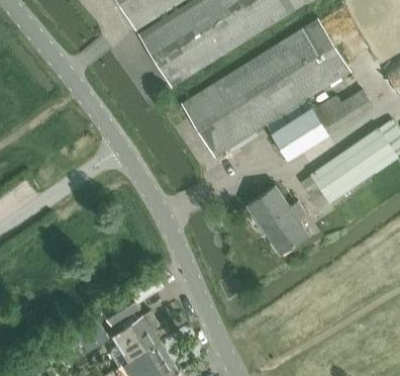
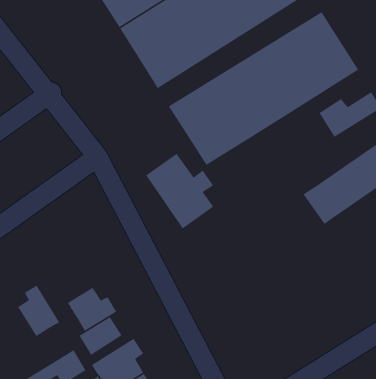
building: [267,98,329,158] -> none
building: [246,184,308,253] -> [145,153,214,230]
building: none -> [17,285,60,337]
building: none -> [67,287,117,332]

